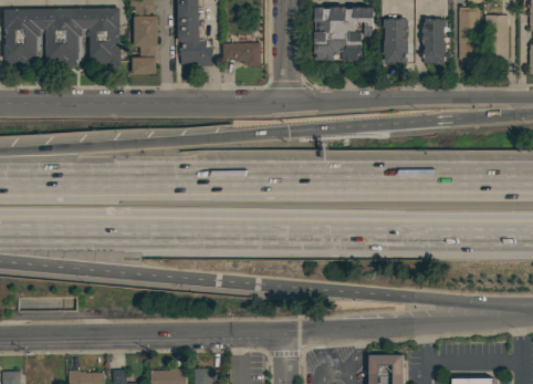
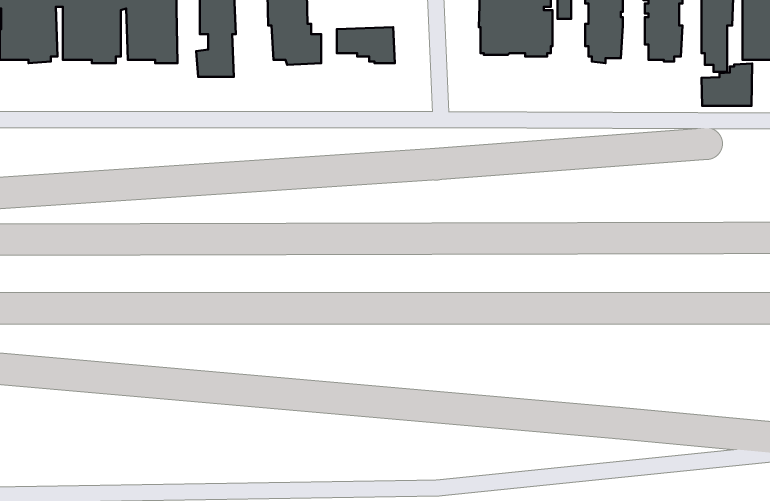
building: none -> [702,64,752,106]

